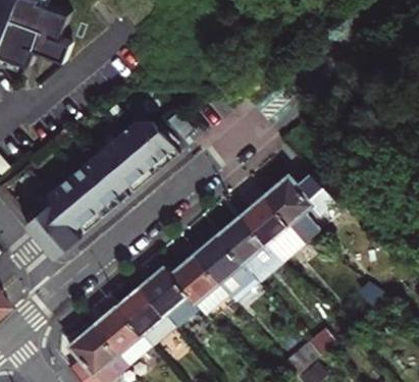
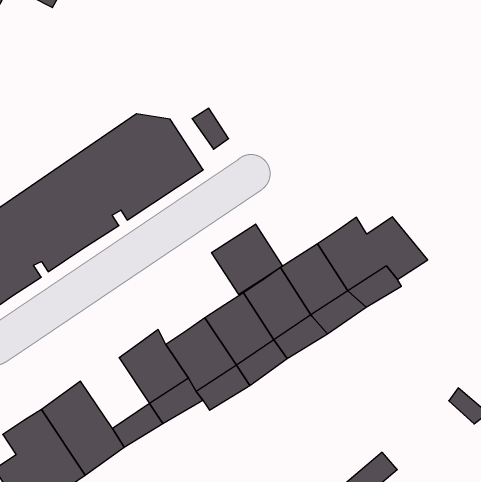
building: none -> [212,224,283,295]
building: [116,287,163,334] -> none

